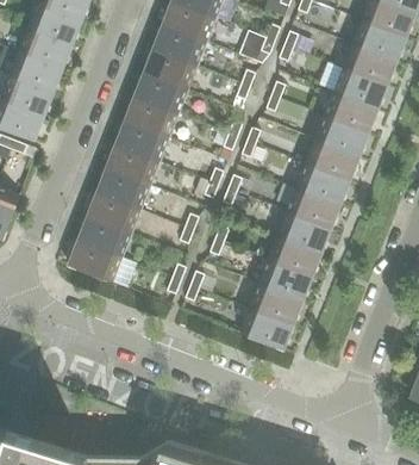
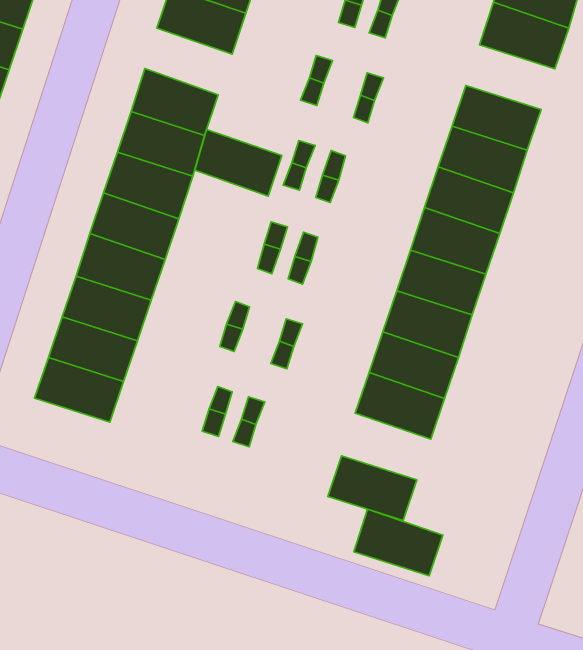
building: [142,51,194,93] -> [195,130,282,196]
building: [332,72,386,112] -> none
building: [246,287,300,329] -> [354,509,443,576]

